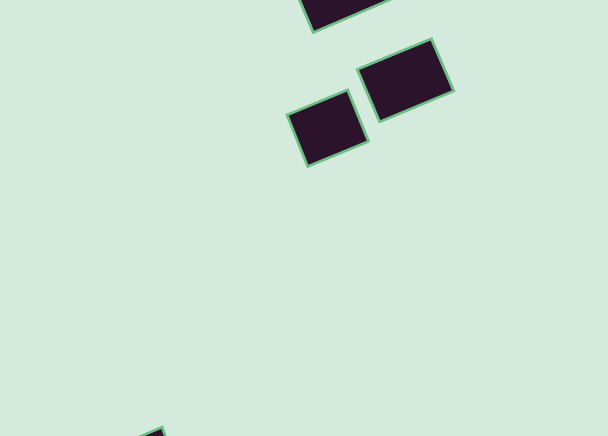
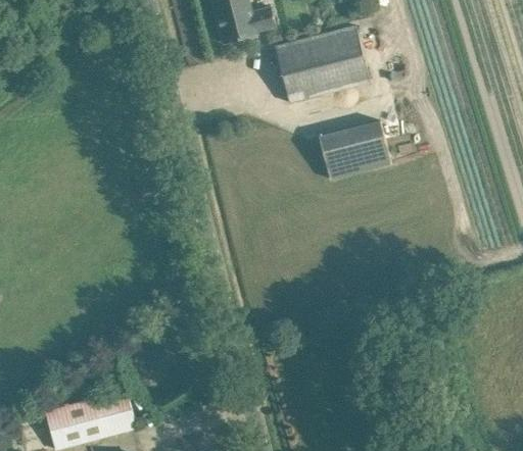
building: [287,90,368,167] -> none

